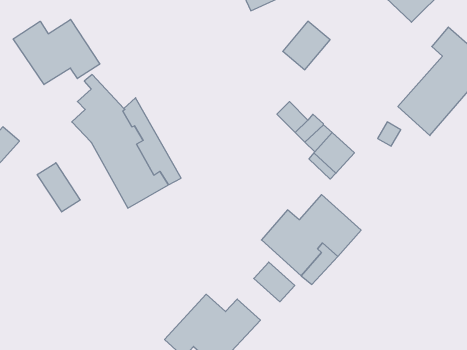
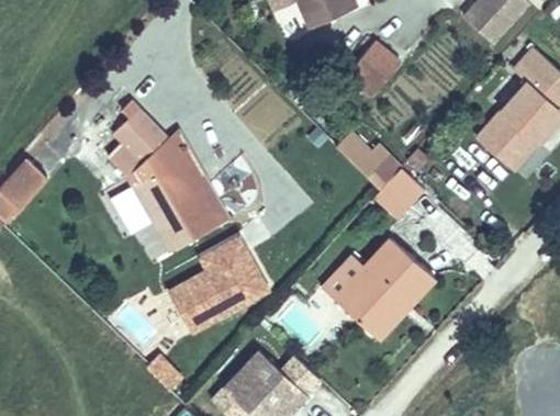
building: [13,19,100,85] -> none
building: [37,163,80,212] -> none
building: none -> [150,229,272,339]
building: [254,262,295,302] -> none

